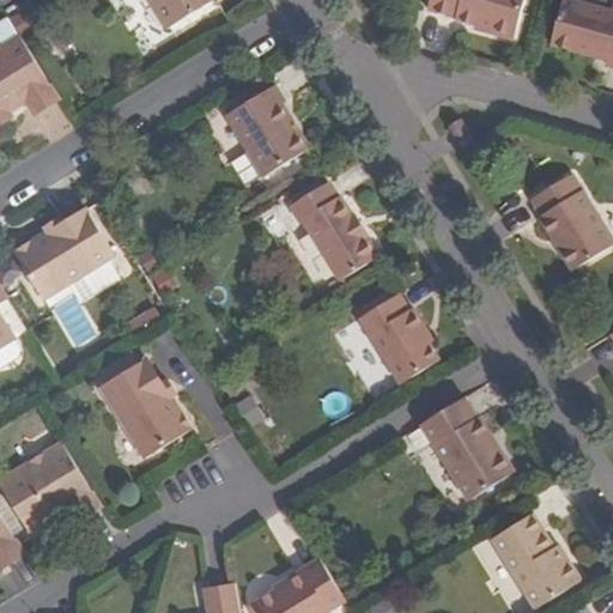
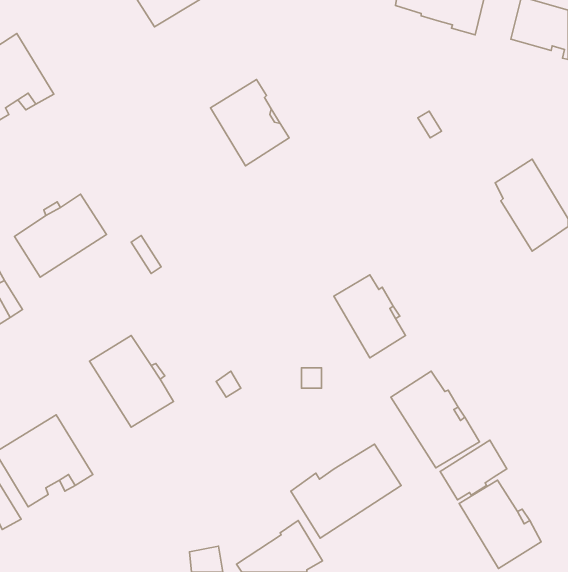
building: [289,181,375,279] -> none
building: none -> [440,440,507,500]
building: none -> [291,444,401,538]

